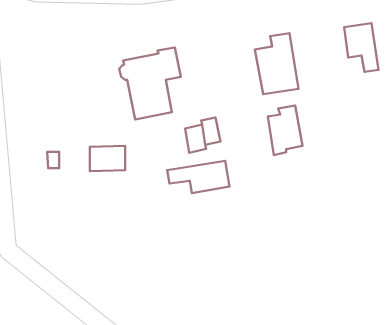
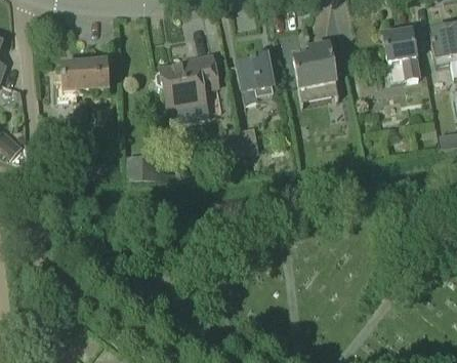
building: none -> [56,57,109,99]
building: [268,105,302,155] -> [239,50,274,100]
building: [167,161,229,193] -> none

